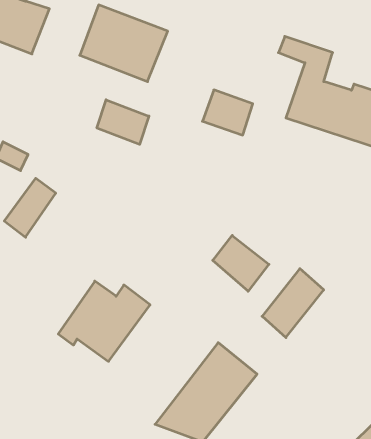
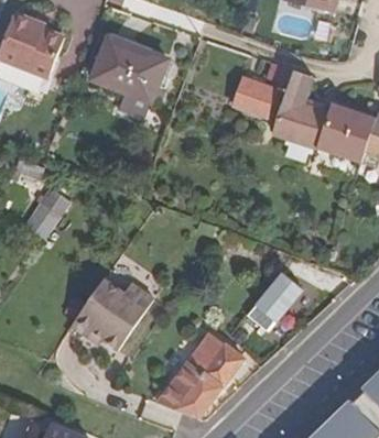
building: [202,90,253,135] -> [232,77,277,117]
building: [97,100,149,144] -> none
building: [213,235,269,291] -> none

